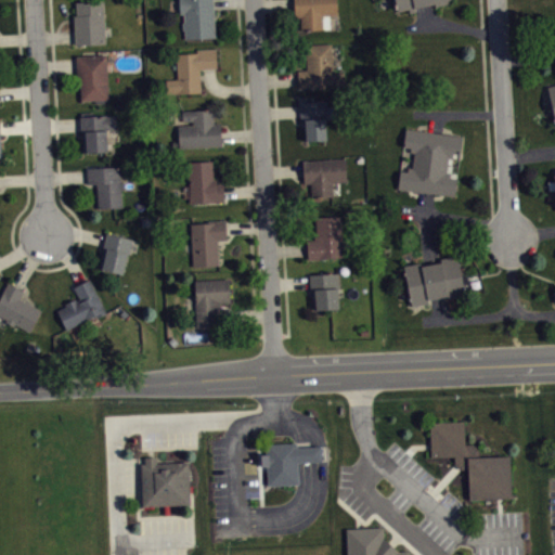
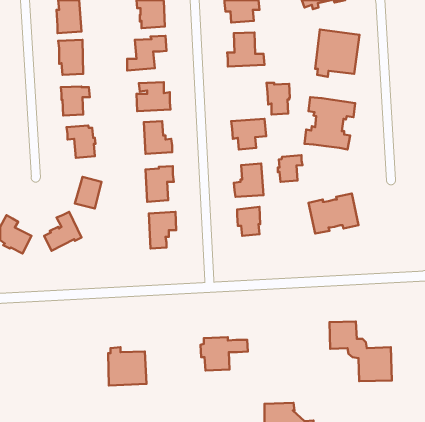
building: none -> [315,29,360,77]
building: [298,101,328,142] -> [267,83,290,114]
building: none -> [278,155,302,182]

